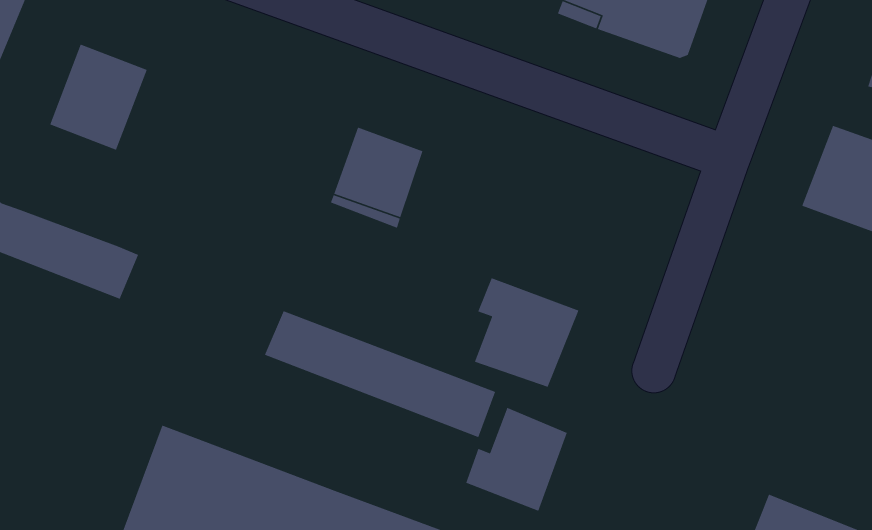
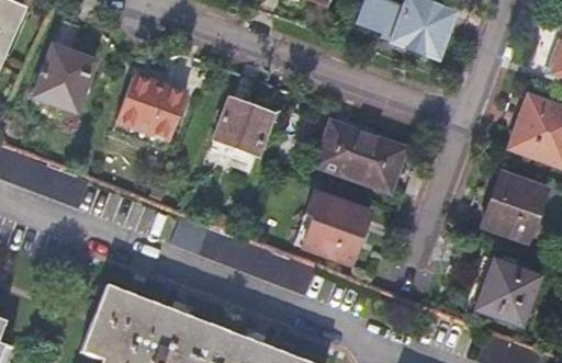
building: none -> [115,75,187,147]
building: none -> [308,123,404,189]
building: none -> [482,173,547,241]
building: none -> [468,257,540,325]
building: [465,407,568,512] -> none

